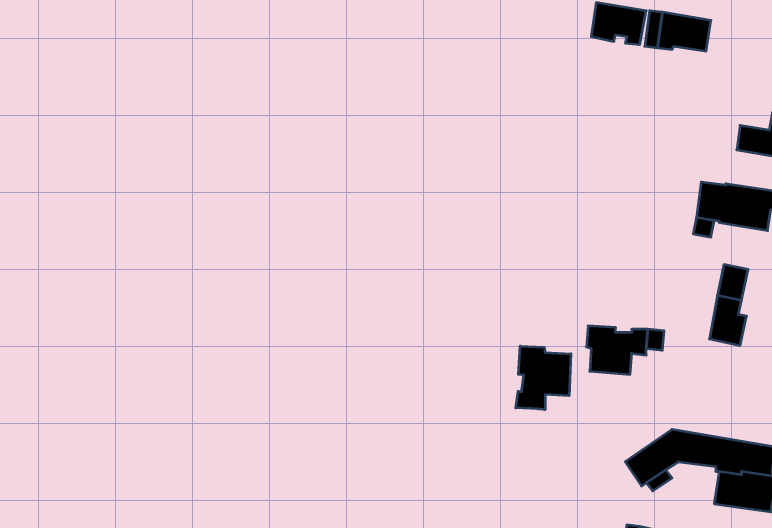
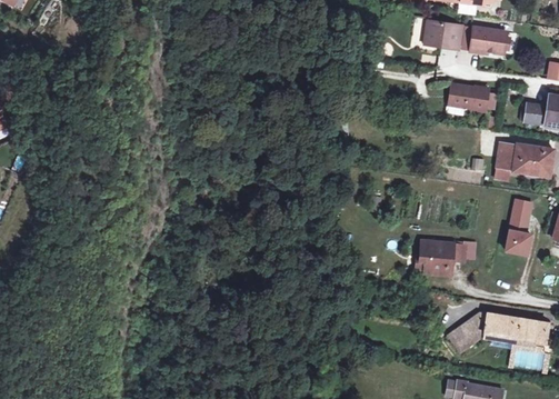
building: none -> [450,82,489,110]
building: [516,346,571,410] -> none

